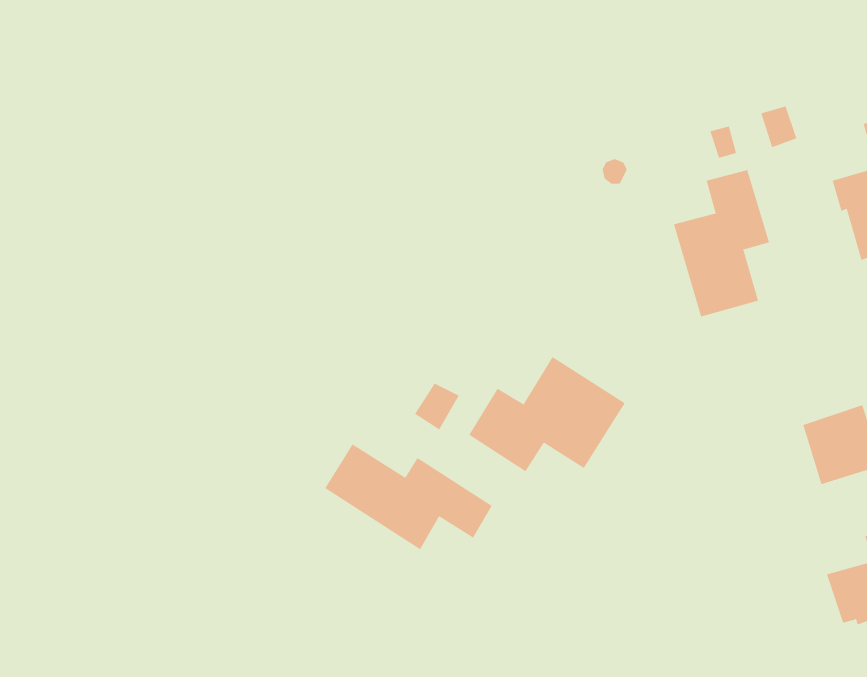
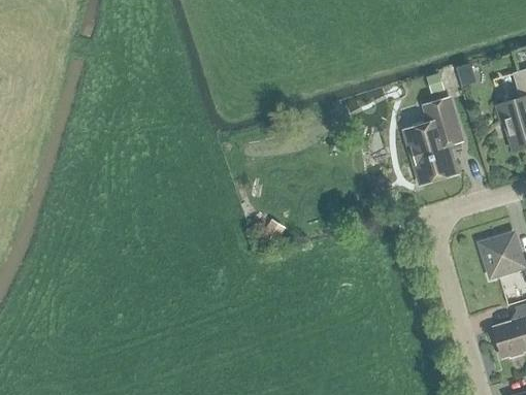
building: [469,356,625,472] -> none
building: [324,443,492,550] -> none

